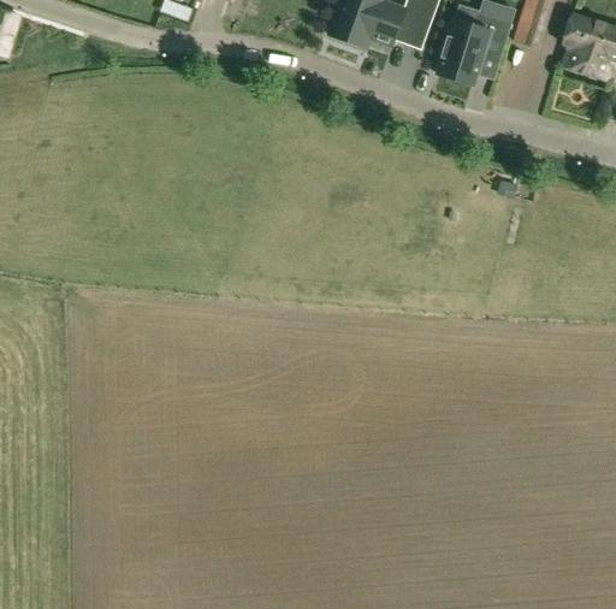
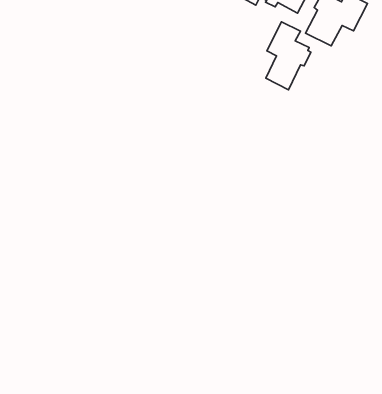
building: none -> [266,22,311,90]

